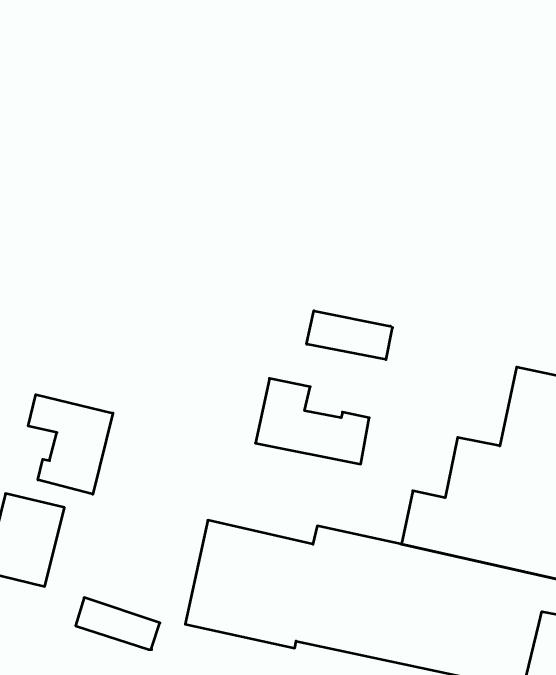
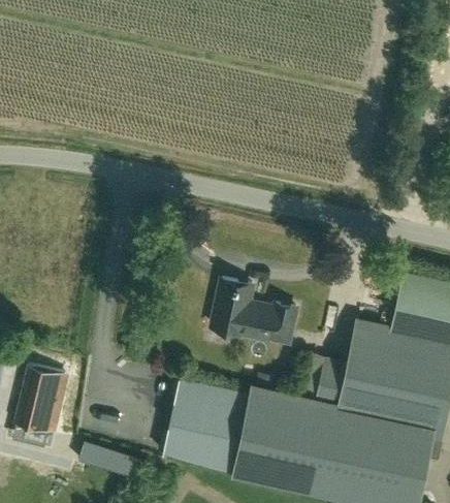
building: [307,311,393,360] -> none
building: [28,395,113,494] -> none

